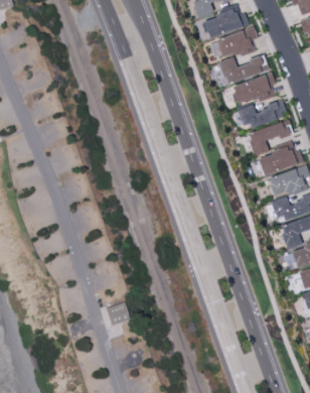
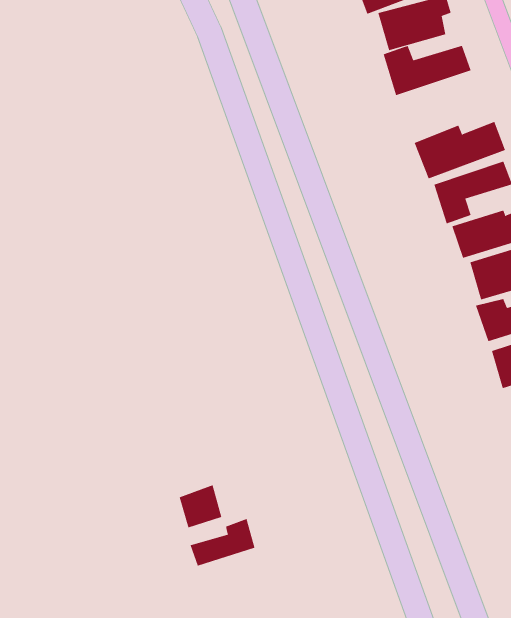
building: [234,76,275,103] -> none
building: none -> [190,518,255,566]

